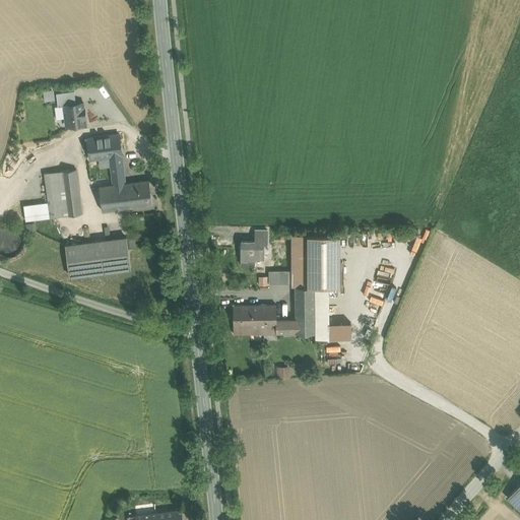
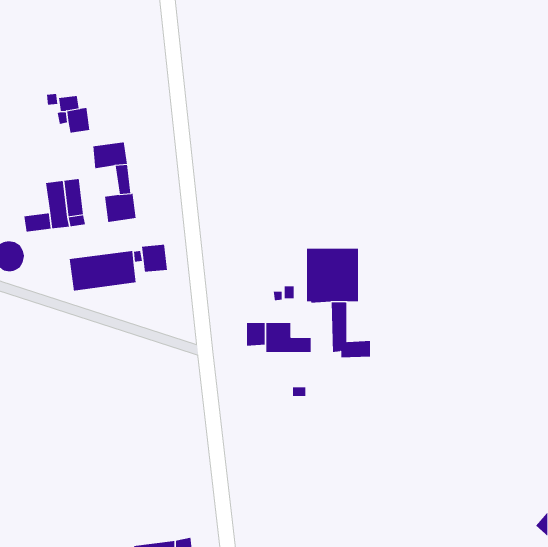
building: [126,182,151,208] -> [141,244,168,272]
building: [240,231,267,260] -> none
building: [294,287,314,335] -> none

